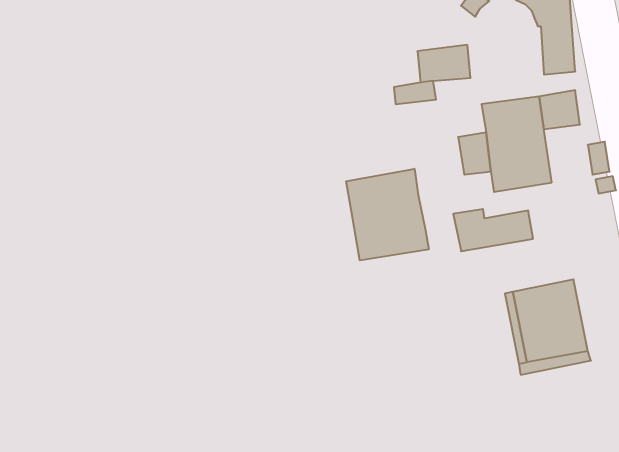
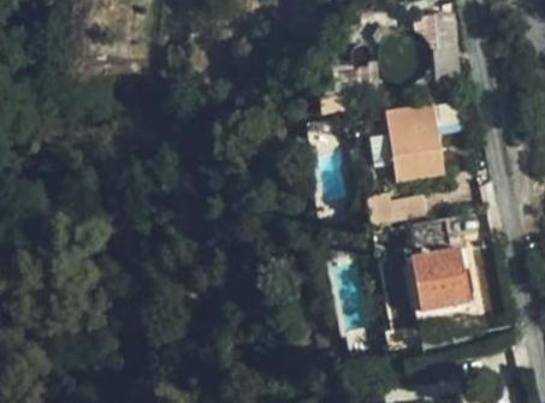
building: [346,169,429,260] -> none

